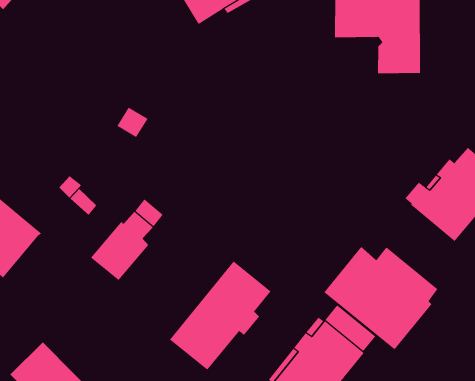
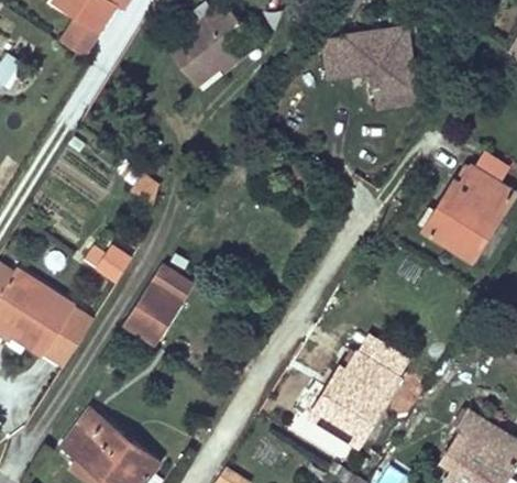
building: none -> [44,308,92,364]
building: [323,246,438,350] -> none
building: [169,261,272,371] -> none

